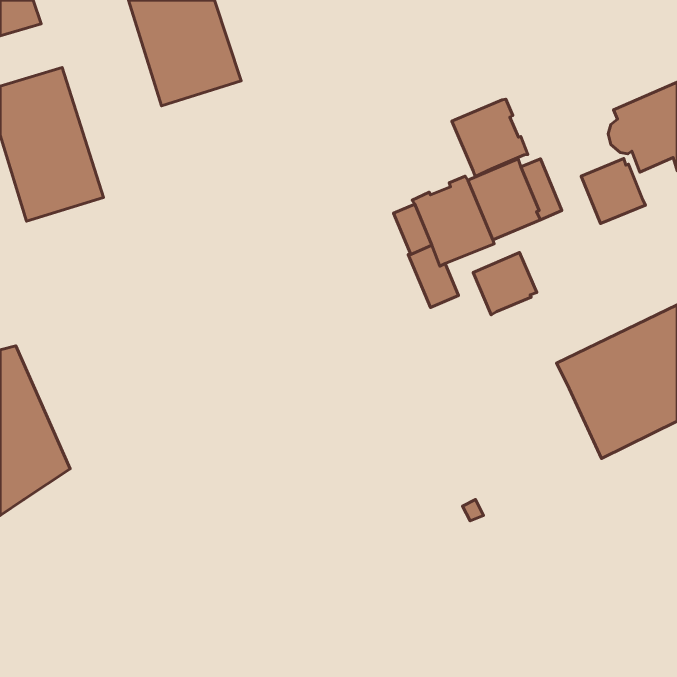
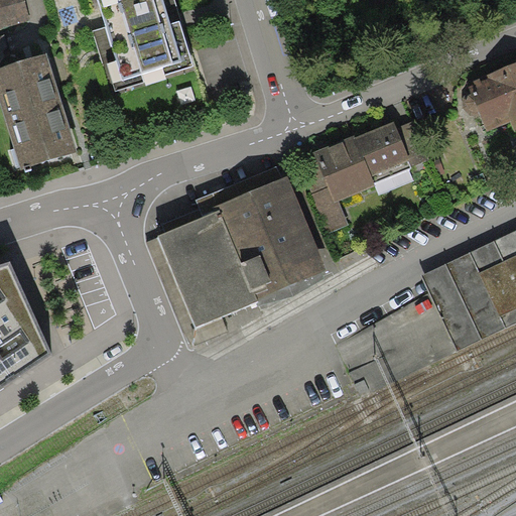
building: [452,99,528,176] -> none
building: [581,158,646,223] -> none
building: none -> [156,175,328,327]
building: [473,253,537,315] -> none

